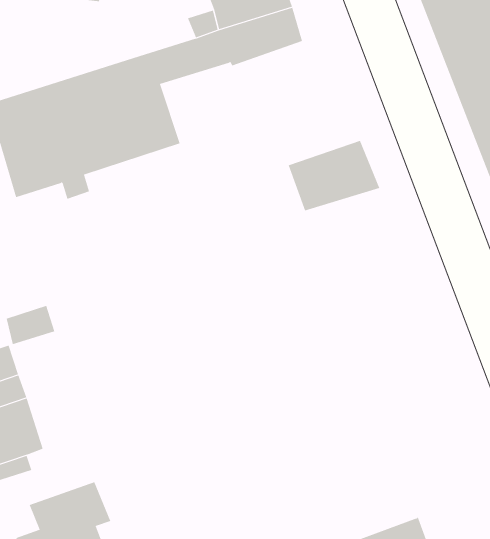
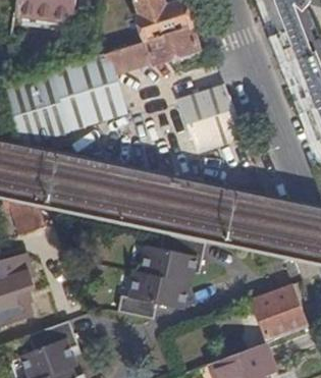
building: none -> [178,85,233,124]
building: none -> [121,234,207,318]
building: none -> [252,285,307,342]

